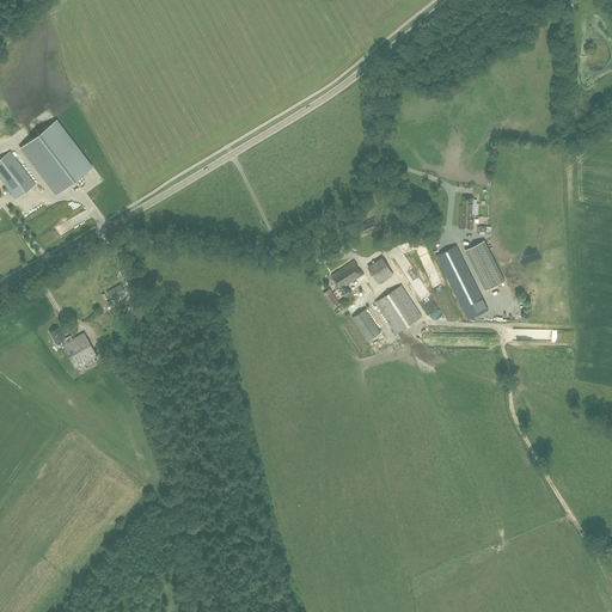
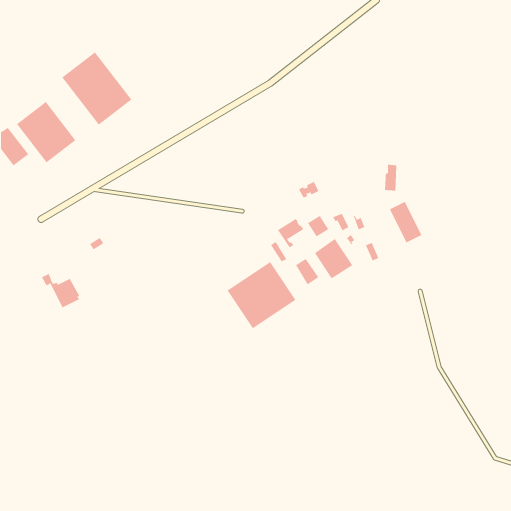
building: none -> [62,51,132,126]
building: [436,245,489,320] -> none
building: none -> [227,261,296,329]

